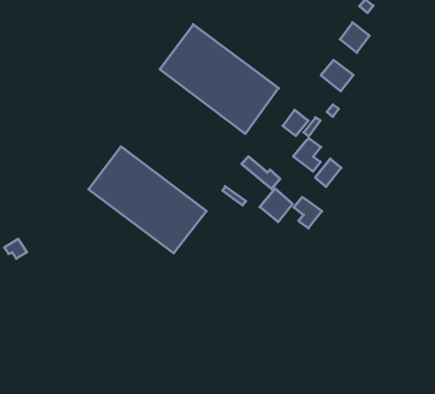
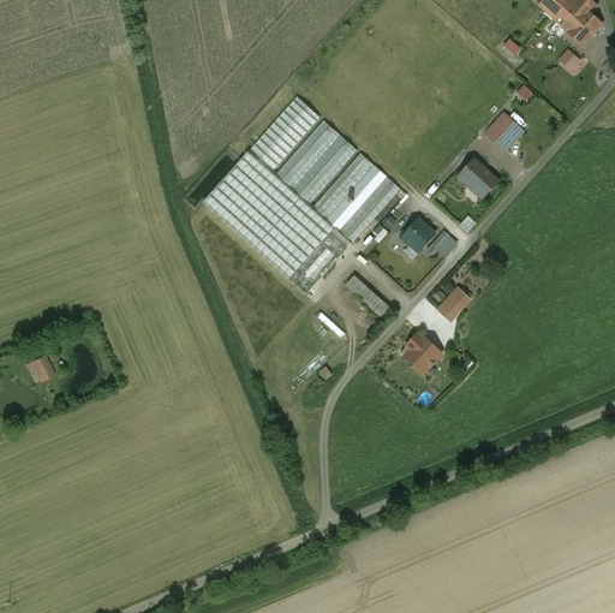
building: [293,138,321,171] -> none
building: [89,147,206,253] -> [202,149,352,293]
building: [260,189,292,222] -> none

